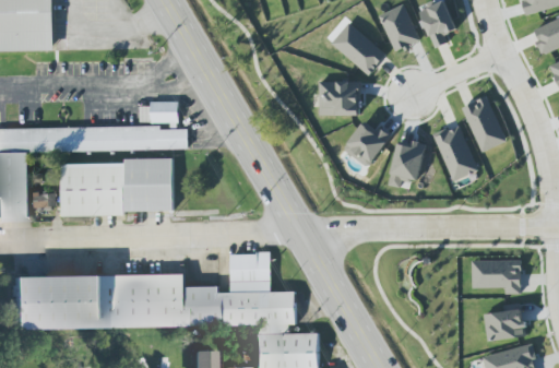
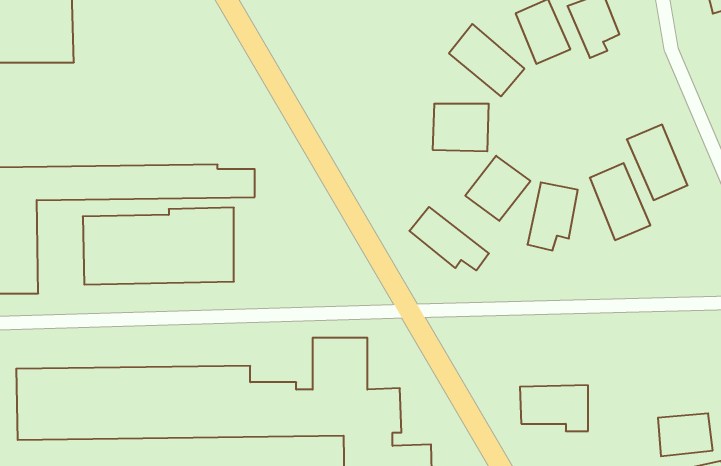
building: [151,100,179,122] -> none
building: none -> [409,207,489,270]
building: [472,259,522,293] -> [520,385,588,431]

